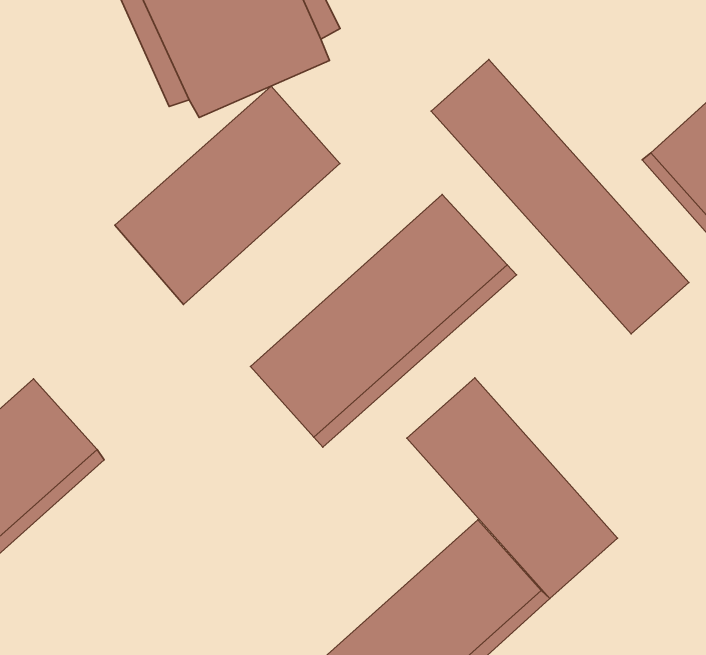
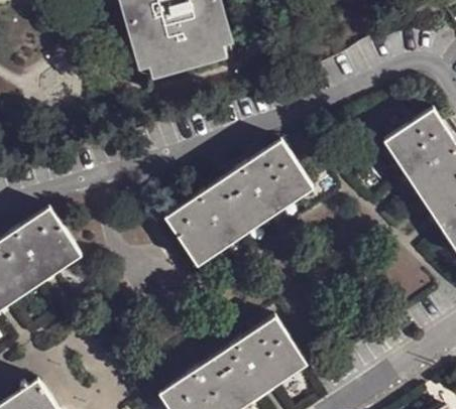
building: [431,60,689,334] -> none
building: [115,86,340,304] -> none
building: [407,378,618,599] -> none

